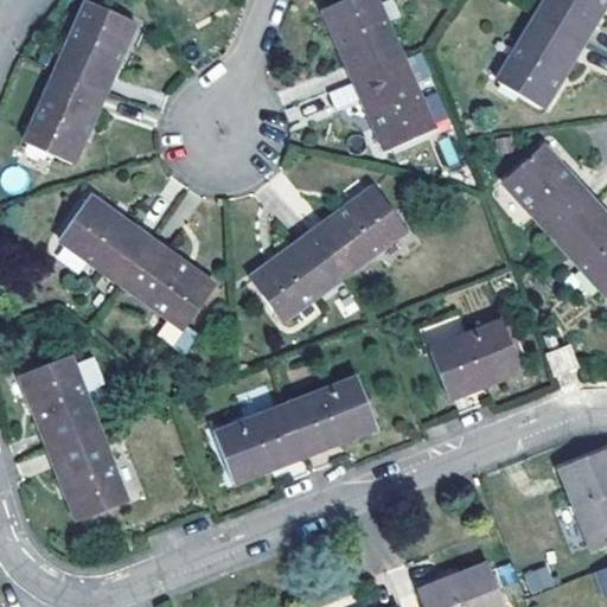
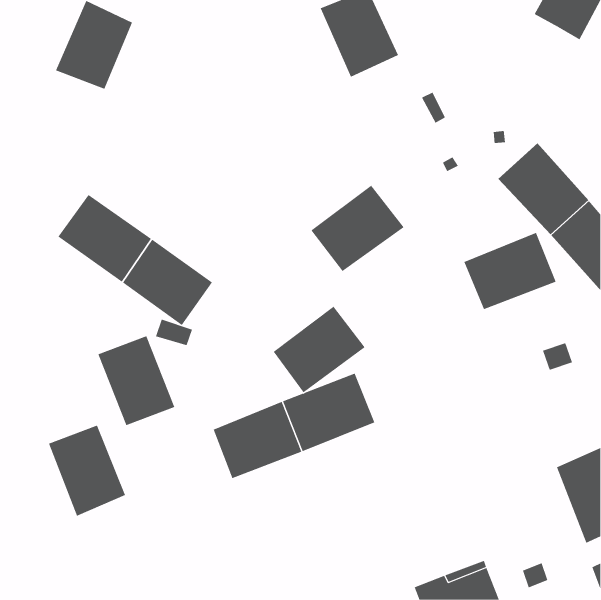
building: [498,14,584,108] -> none
building: [353,56,435,151] -> none
building: [26,71,106,162] -> none
building: [251,232,345,320] -> [273,306,366,393]
building: [429,319,523,397] -> [463,232,556,310]
building: [20,356,98,447] -> [97,335,175,426]

